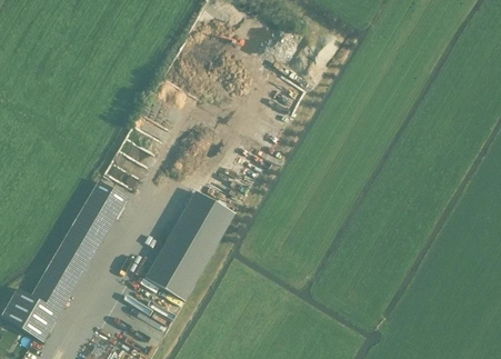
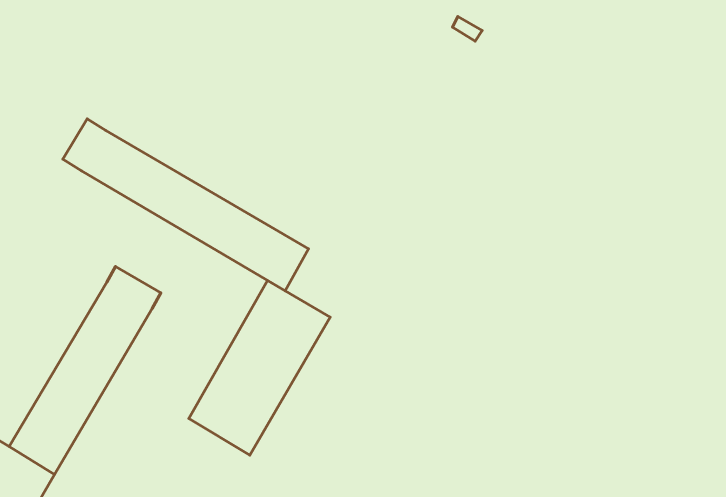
building: none -> [63,119,308,291]

